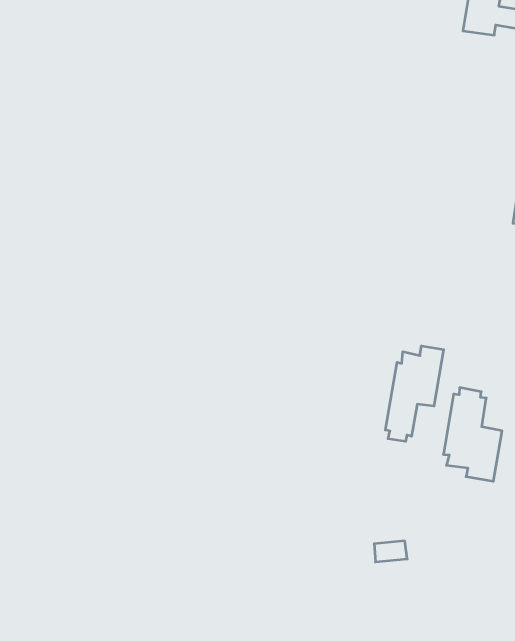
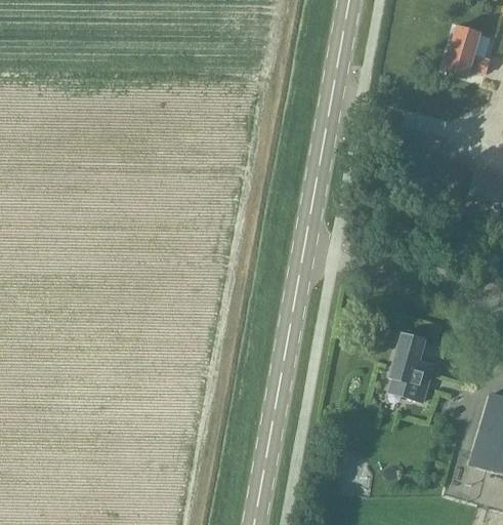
building: [385,346,444,441] -> none

